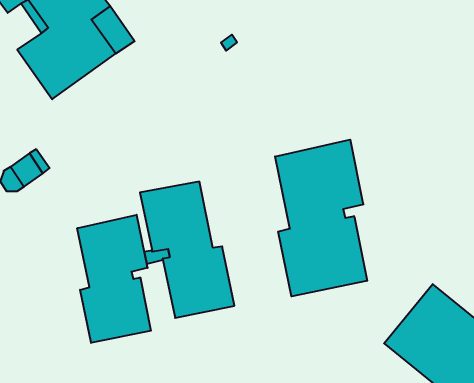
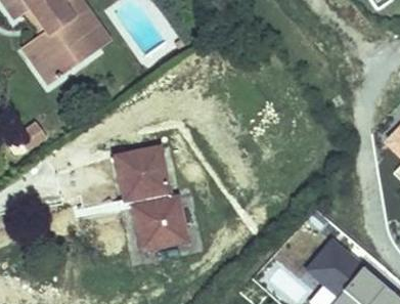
building: [275,140,367,296] -> none
building: [77,215,151,343] -> none

